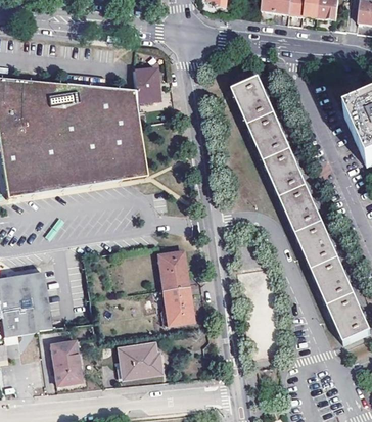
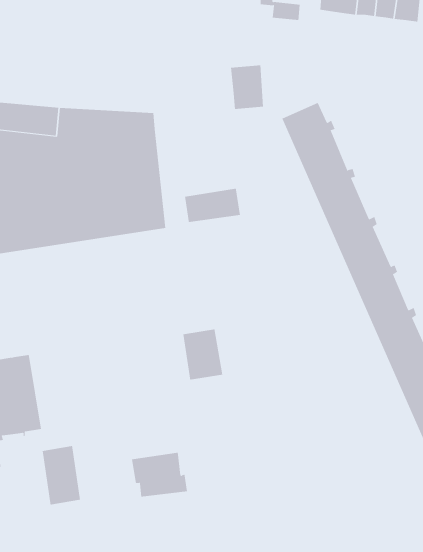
building: [134,66,159,100] -> [230,65,264,109]
building: none -> [185,188,240,223]
building: [162,285,193,324] -> none

